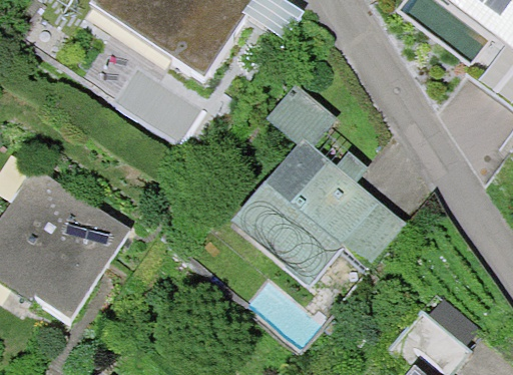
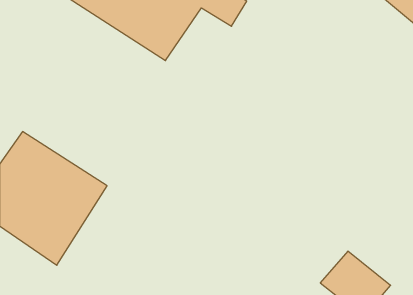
building: [229,133,404,289] -> none

